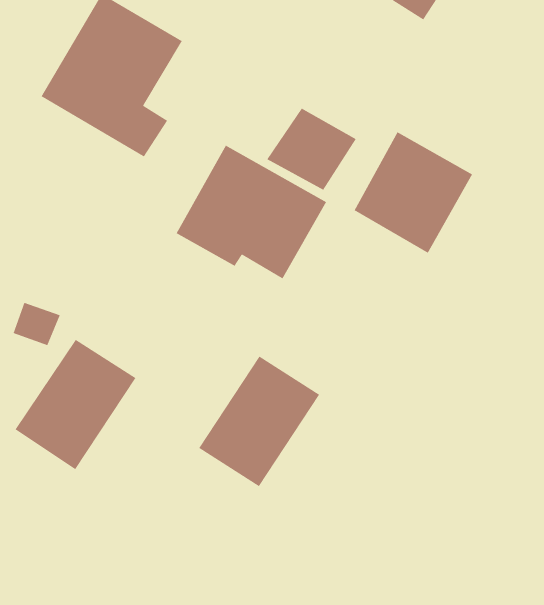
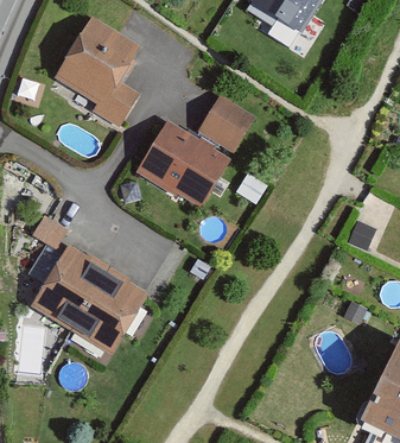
building: [354,131,473,254] -> none
building: [198,356,320,487] -> [71,267,150,352]

